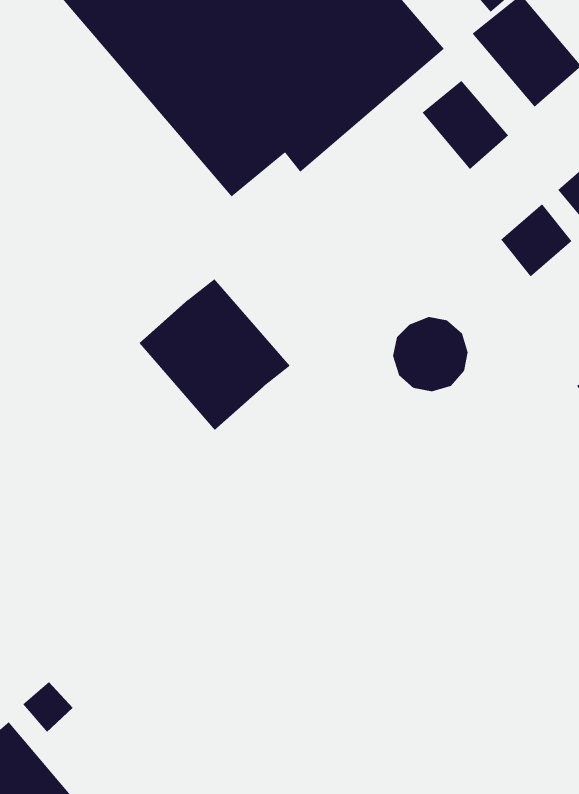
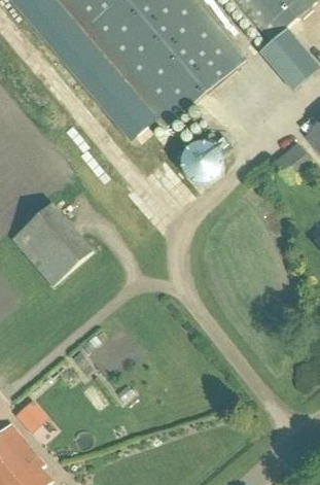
building: [421,80,509,170] -> none
building: [138,278,291,431] -> [10,203,93,285]
building: [392,316,468,392] -> [182,141,223,182]

